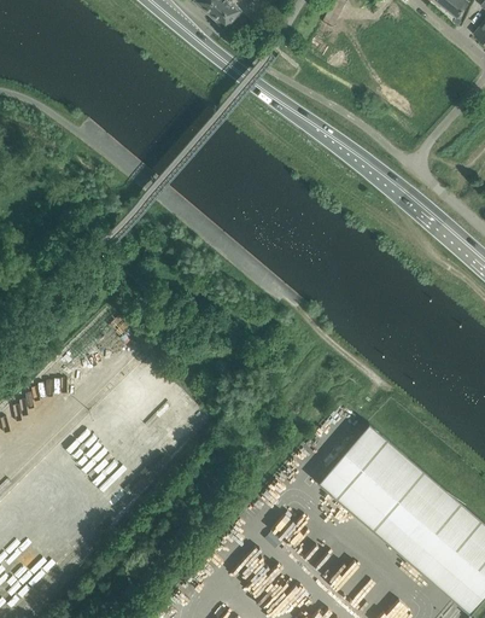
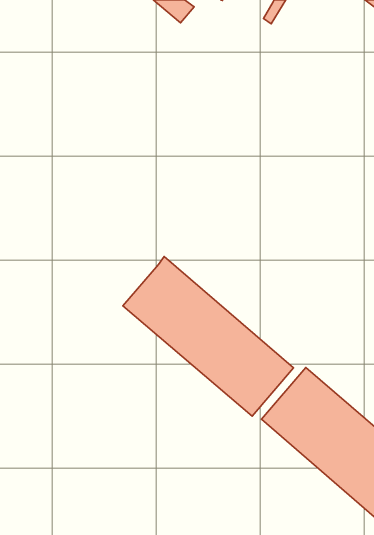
building: none -> [123,257,294,416]

